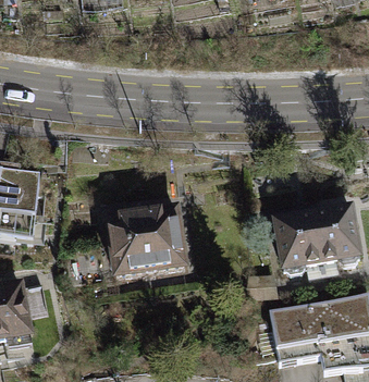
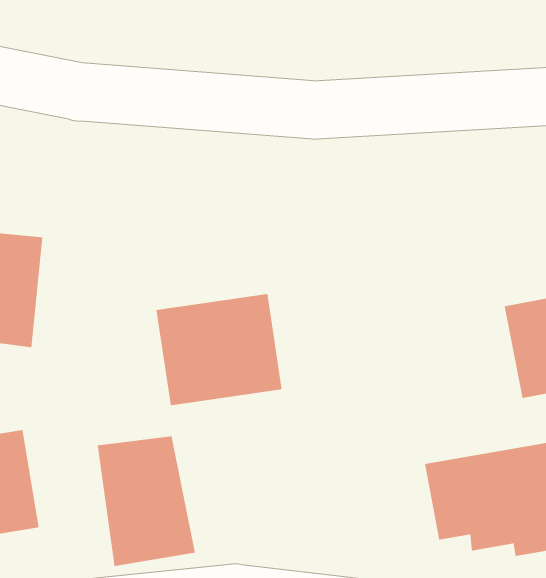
building: [273,210,324,273] -> none
building: none -> [97,435,196,567]

